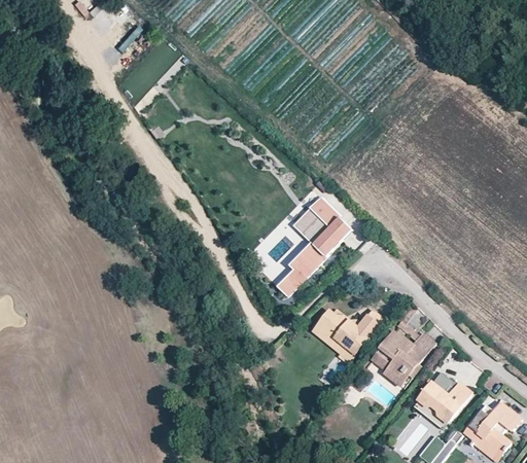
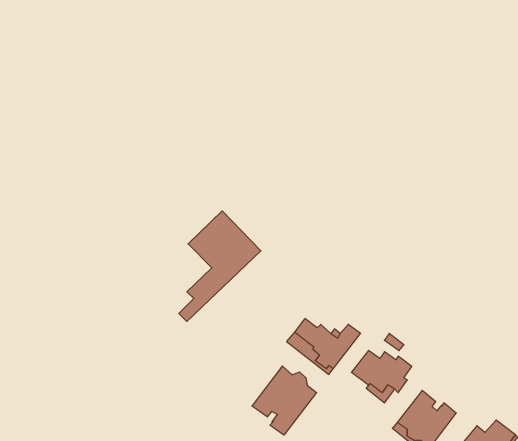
building: [284,190,358,290] -> [179,211,261,321]
building: none -> [252,366,317,435]

